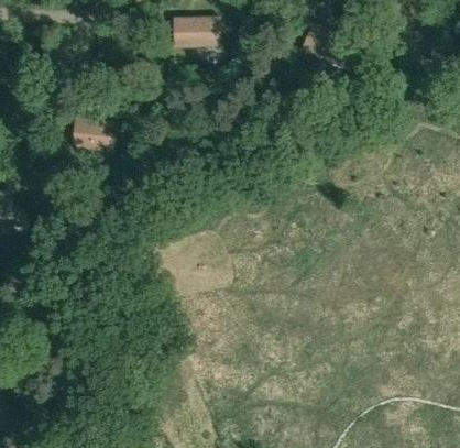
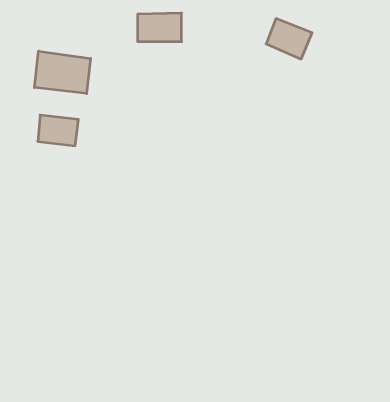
building: none -> [34,51,91,94]

